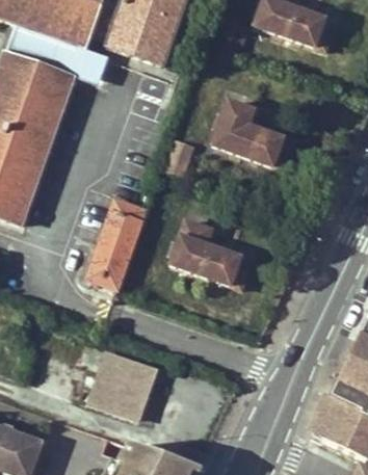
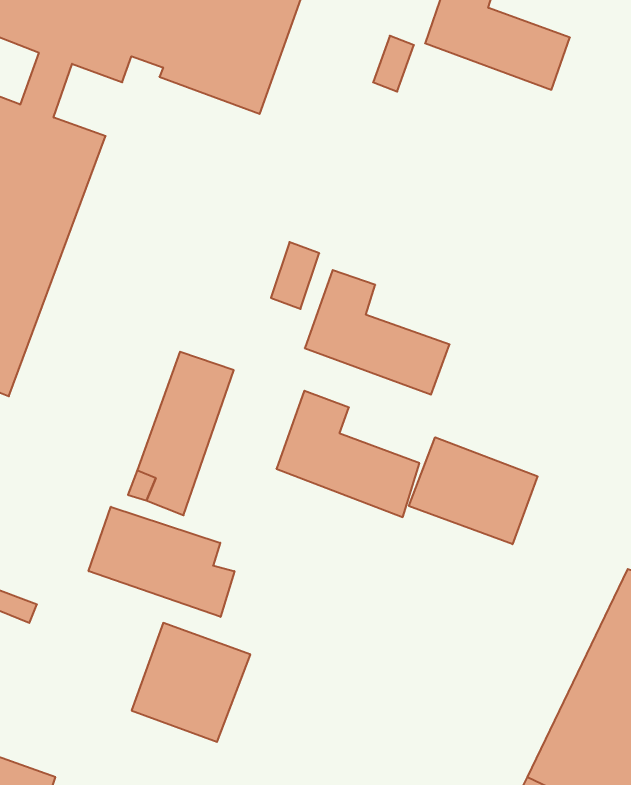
building: [210,101,291,170] -> [305,270,450,395]
building: none -> [409,437,538,544]
building: none -> [89,507,234,617]

